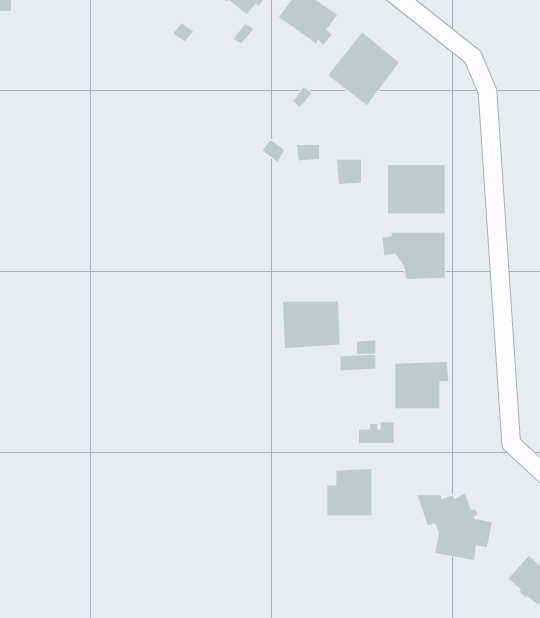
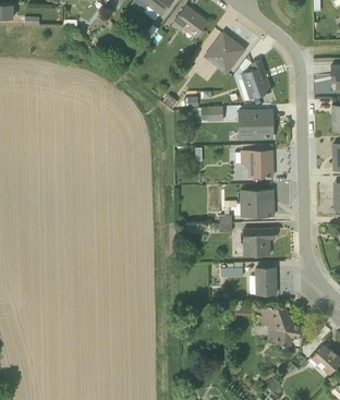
building: none -> [235,60,272,101]
building: [282,301,341,349] -> [240,190,275,218]
building: [327,469,372,516] -> [250,267,277,295]

